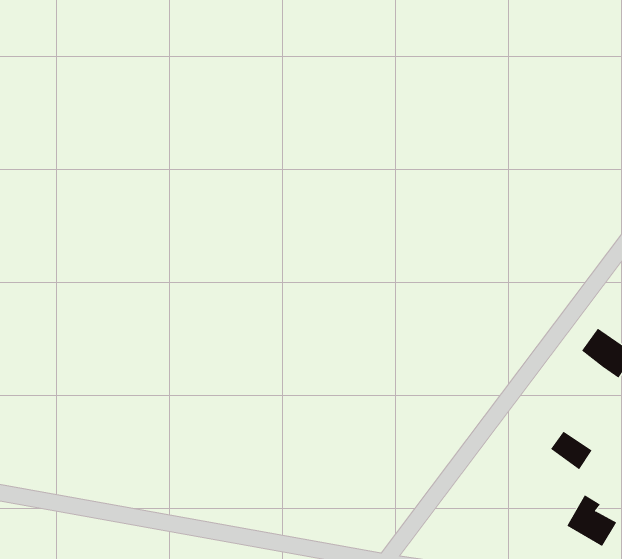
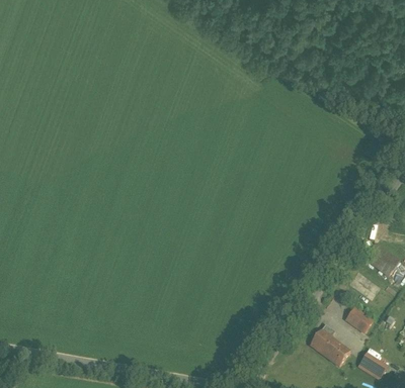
building: none -> [310,323,349,365]

